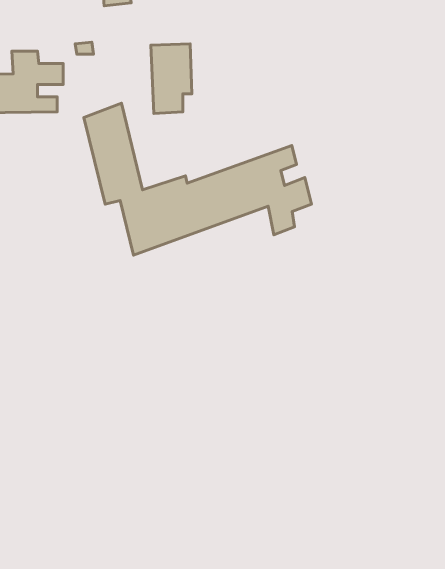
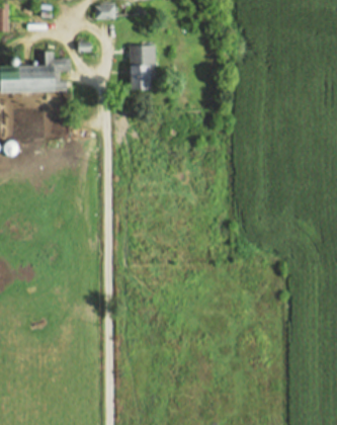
building: [84,103,311,255] -> none

